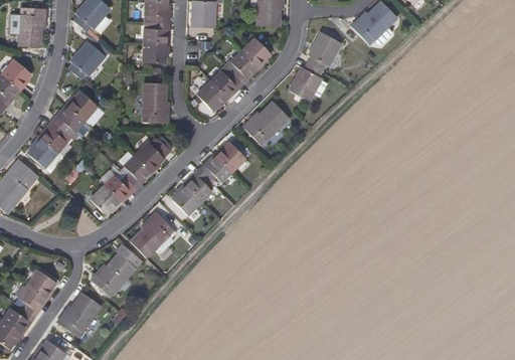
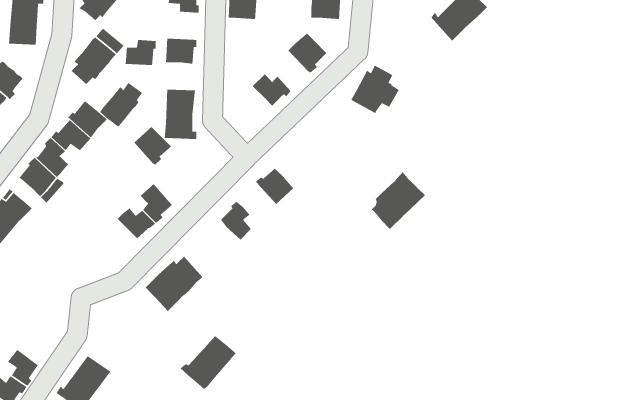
building: [144,21,169,42] -> [125,39,157,66]
building: [308,31,341,70] -> none
building: [230,51,255,83] -> none
building: none -> [99,82,143,128]
building: [197,79,229,110] -> none
building: [245,100,289,146] -> [371,171,426,230]
building: [134,143,164,174] -> [134,126,172,166]
building: [199,157,230,183] -> none
building: [91,184,122,214] -> none
building: [172,184,202,215] -> none
building: [90,252,135,296] -> [179,335,237,390]
building: [26,271,55,301] -> none

